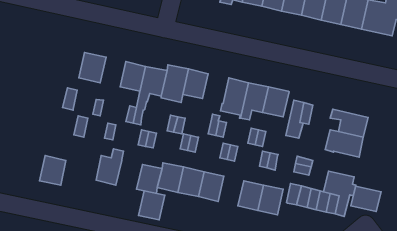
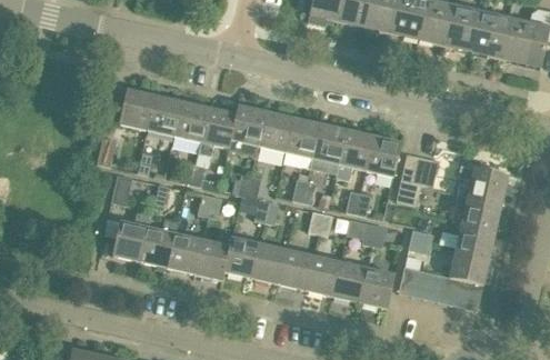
building: none -> [147,94,181,134]
building: none -> [284,117,320,157]
building: [39,155,66,185] -> [112,220,148,260]
building: none -> [306,254,340,294]
building: [351,186,381,212] -> [454,221,496,256]
building: [138,191,165,220] -> [168,233,203,272]

